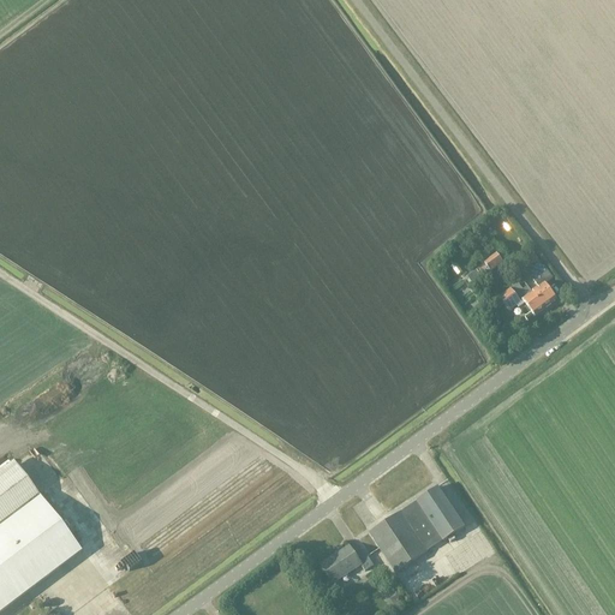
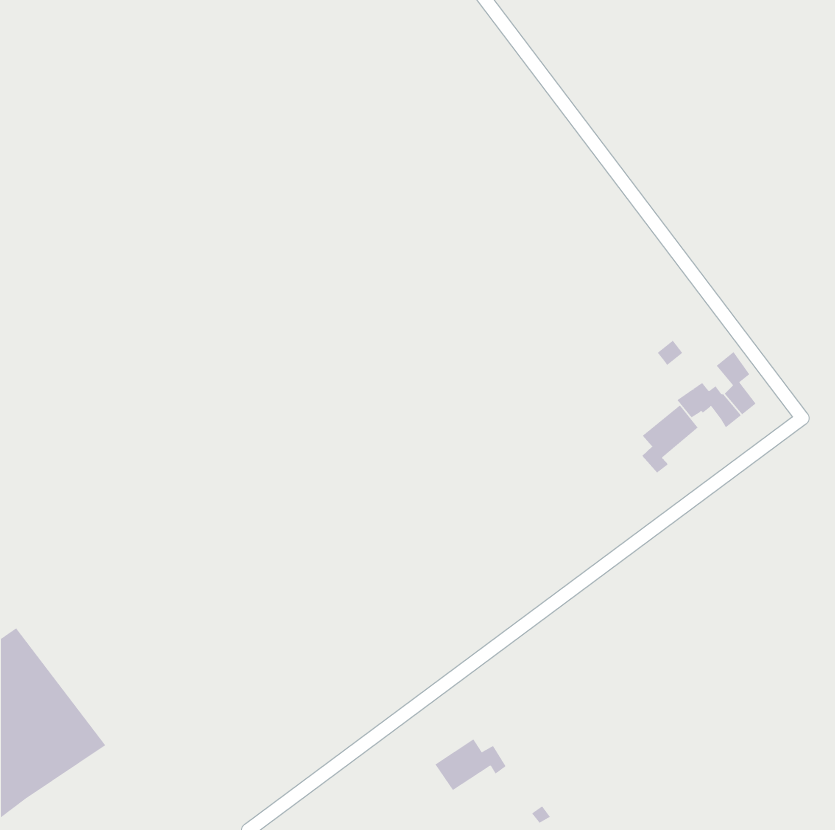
building: none -> [642,404,699,473]
building: [368,484,464,571] -> none

